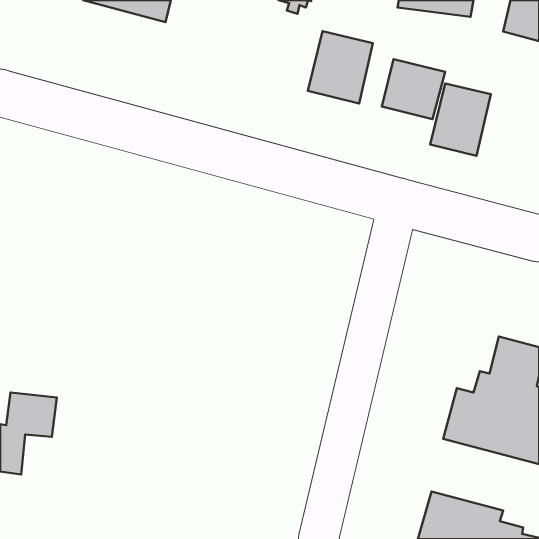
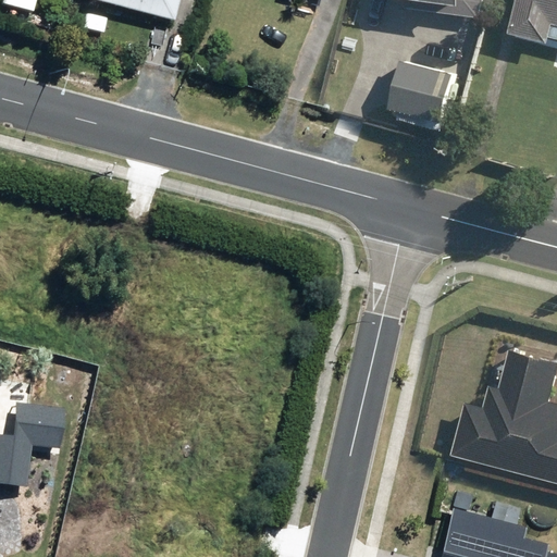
building: [308,31,373,103] -> none
building: [430,84,491,156] -> none

